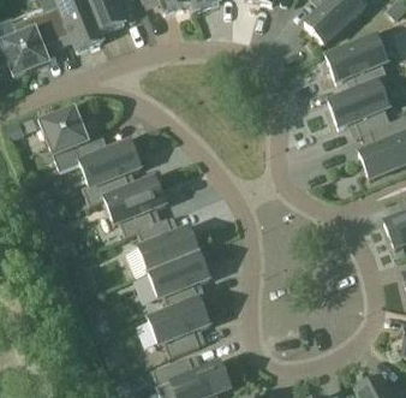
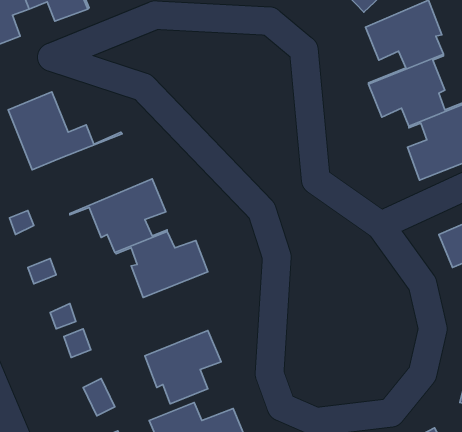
building: [79,141,155,204] -> none
building: [148,251,210,319] -> none

